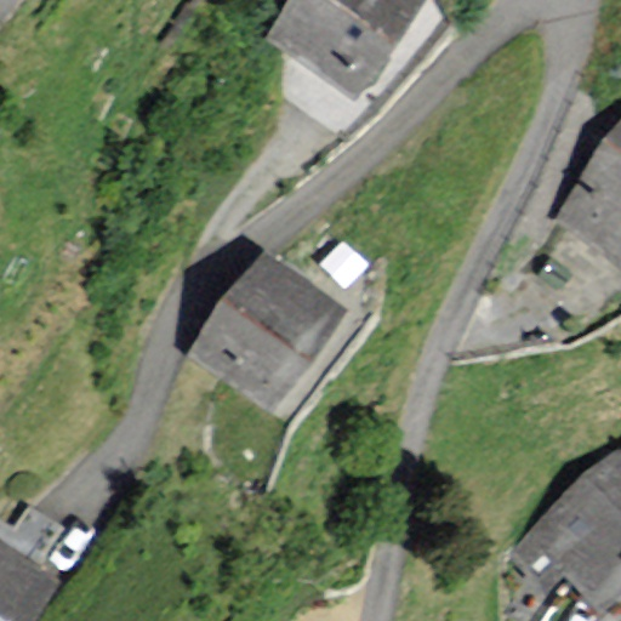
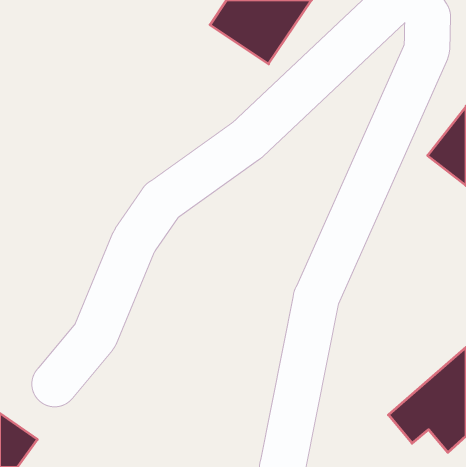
building: [199,262,331,400] -> none

